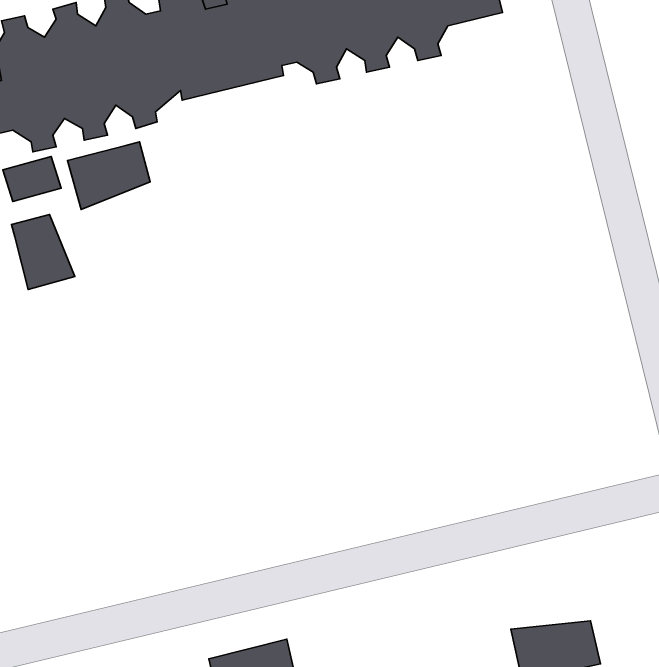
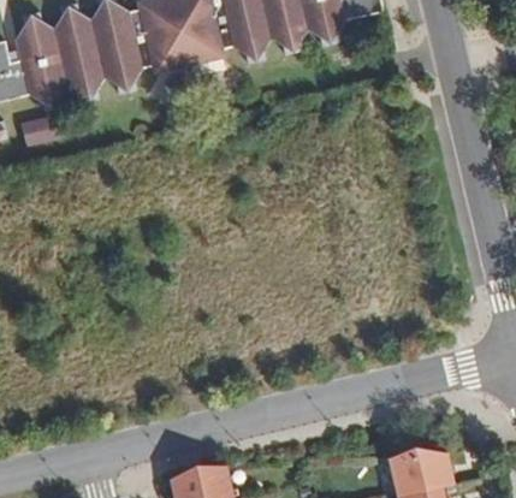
building: [68,142,150,210] -> none
building: [11,215,75,289] -> none

